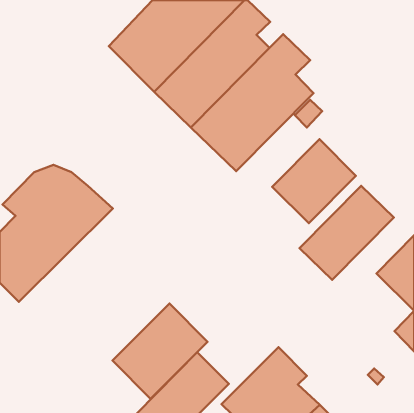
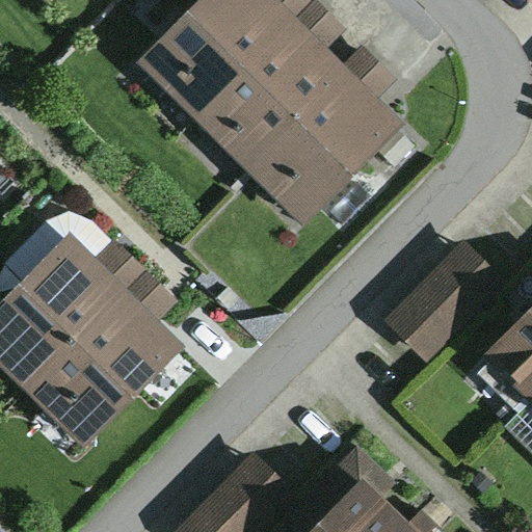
building: [272,139,356,223] -> none
building: none -> [24,269,184,447]
building: [113,304,208,399] -> none

